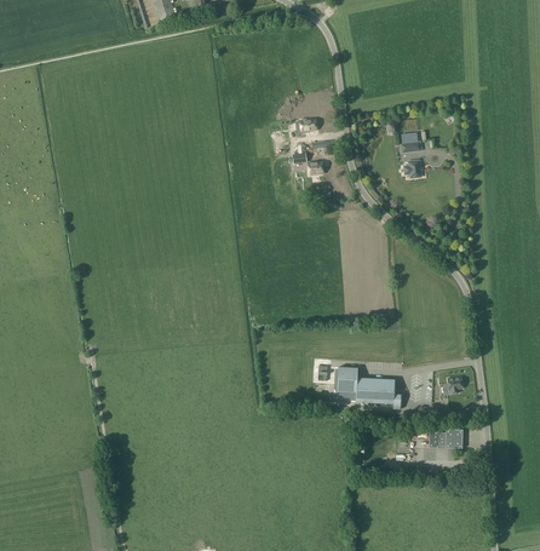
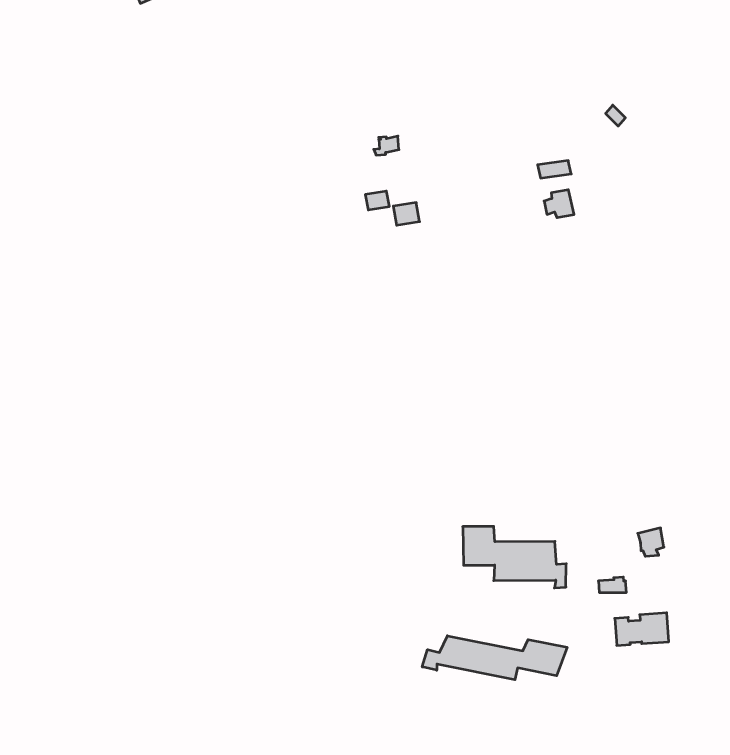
building: none -> [422,636,567,680]

